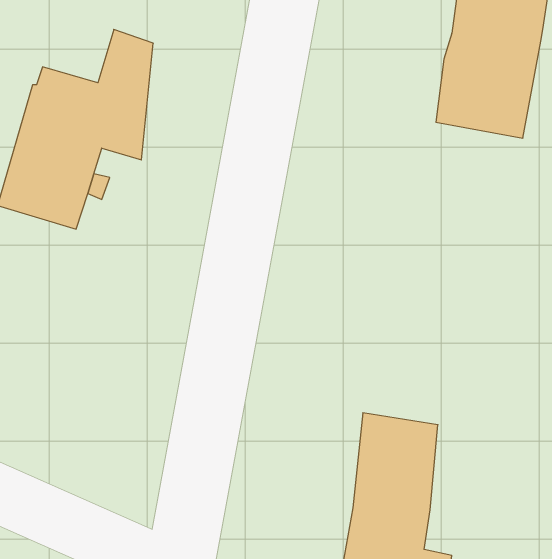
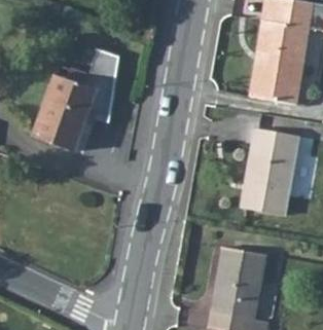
building: none -> [248,131,303,215]

